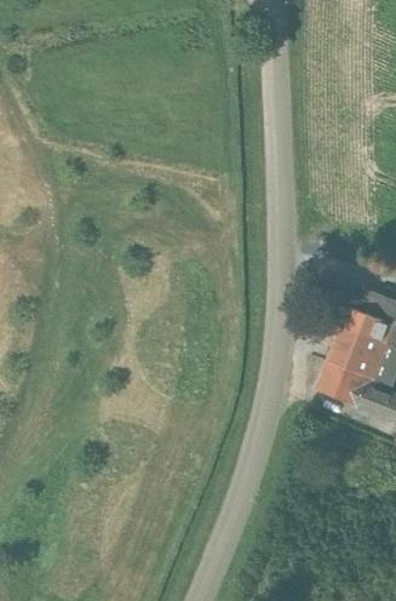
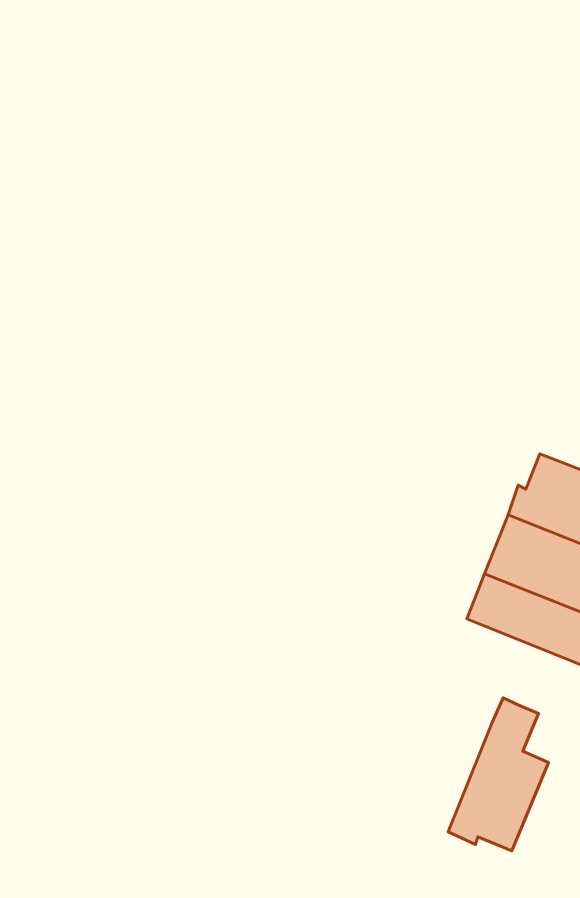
building: none -> [448,698,549,851]

